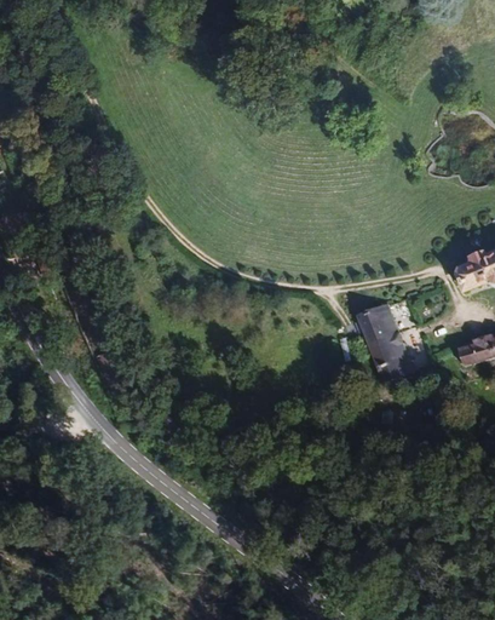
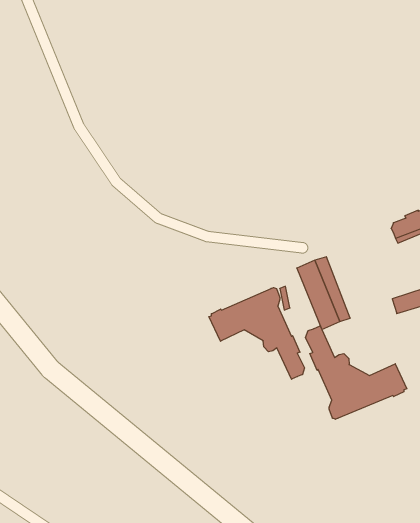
building: none -> [209,288,305,379]
building: none -> [306,326,407,419]

